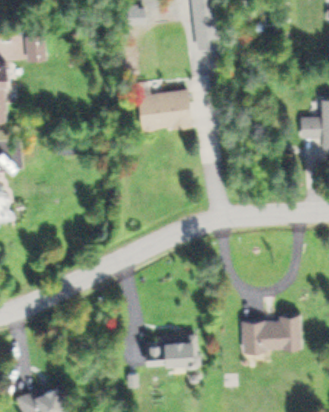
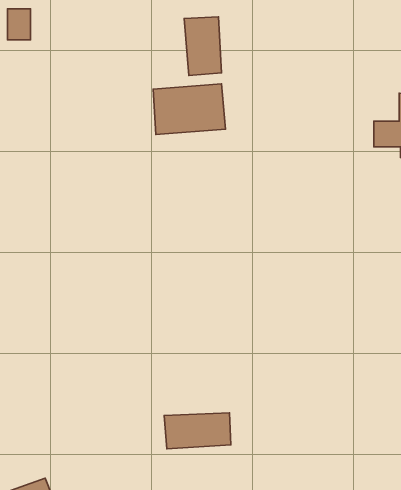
building: none -> [184,17,221,75]
building: [245,317,303,348] -> none

